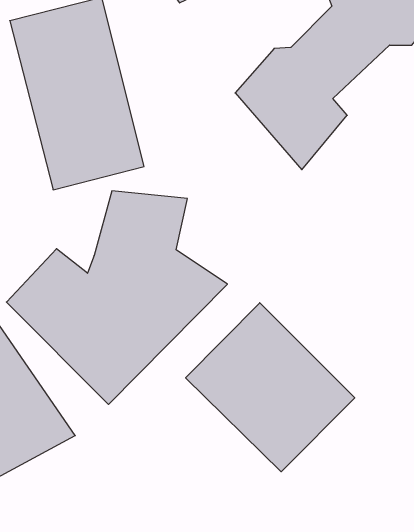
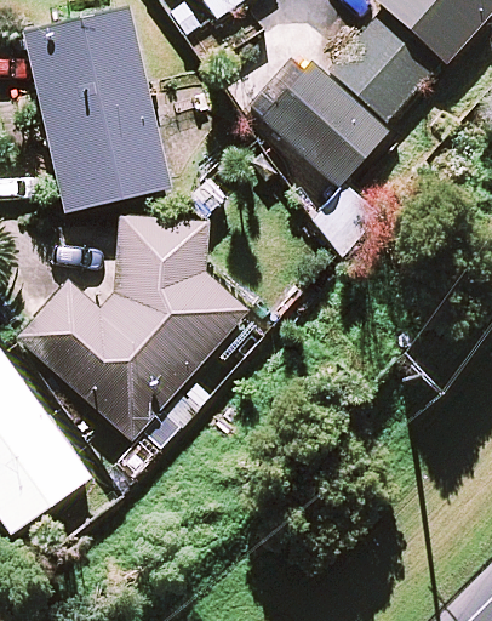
building: [186,303,355,472] -> none

